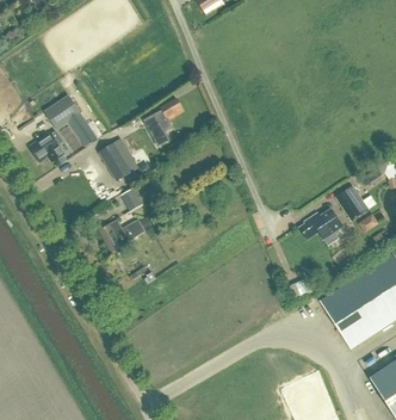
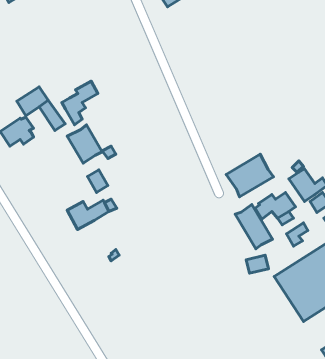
building: [144,98,182,144] -> [62,81,98,125]
building: none -> [226,154,273,197]
building: none -> [235,205,272,249]

